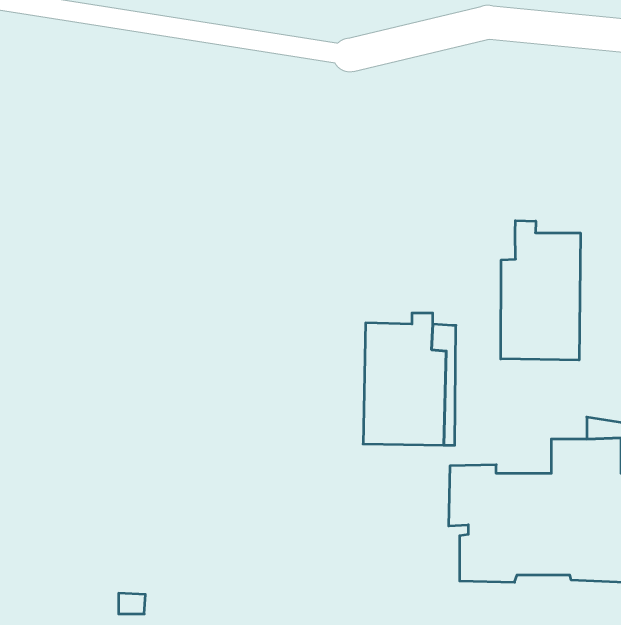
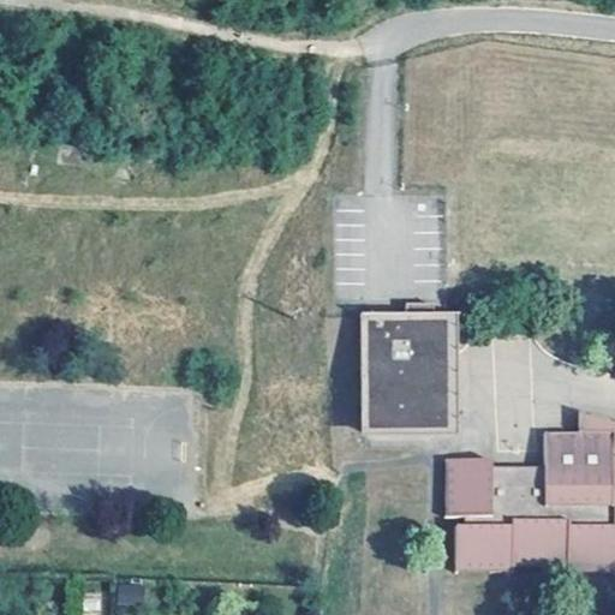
building: [501,221,580,360] -> none

